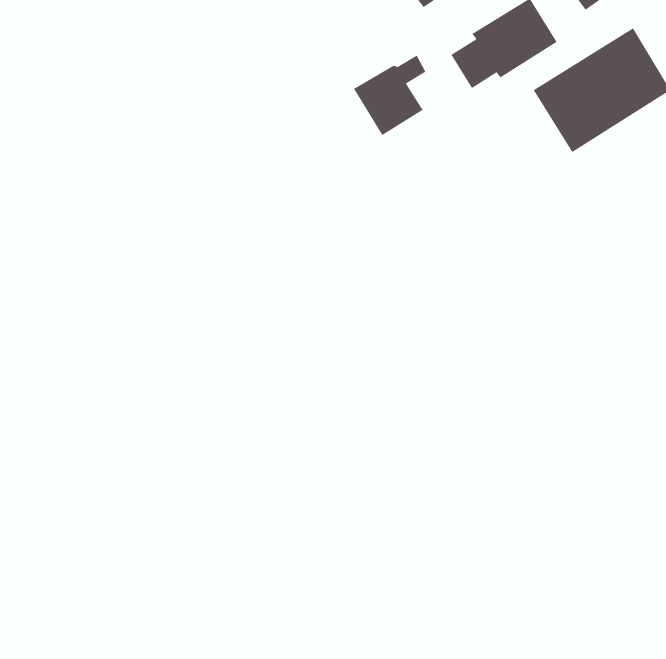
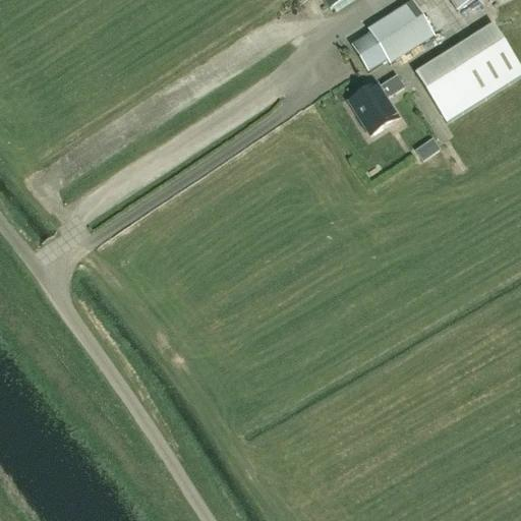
building: [353,55,426,136] -> [348,72,405,135]

